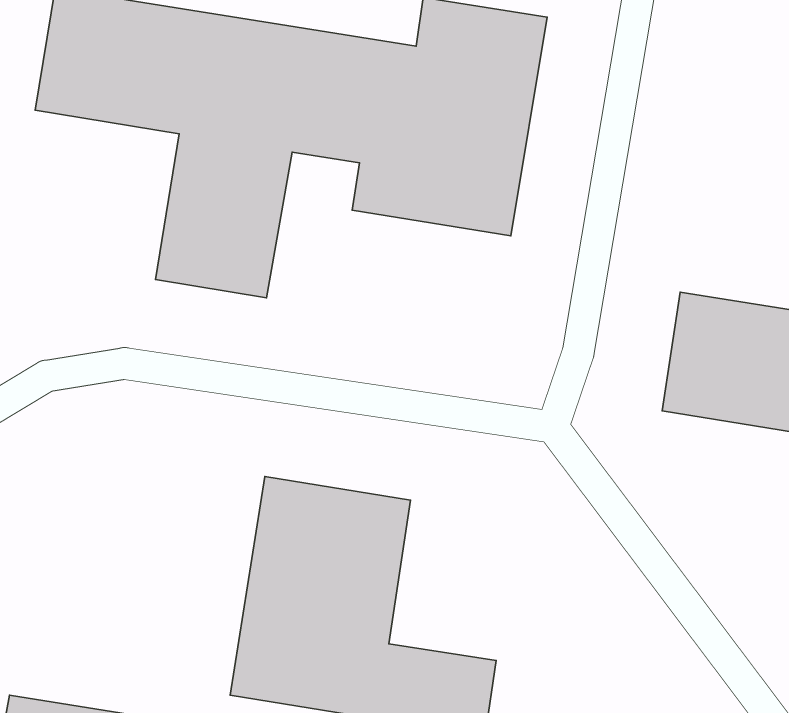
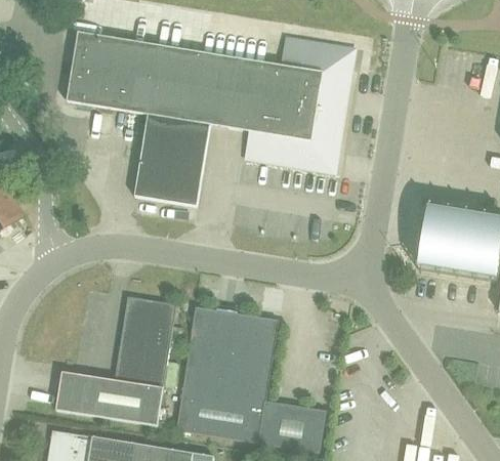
building: none -> [55,296,176,425]

